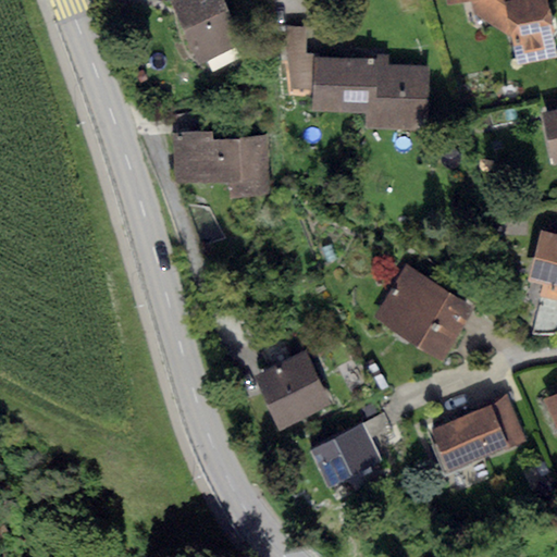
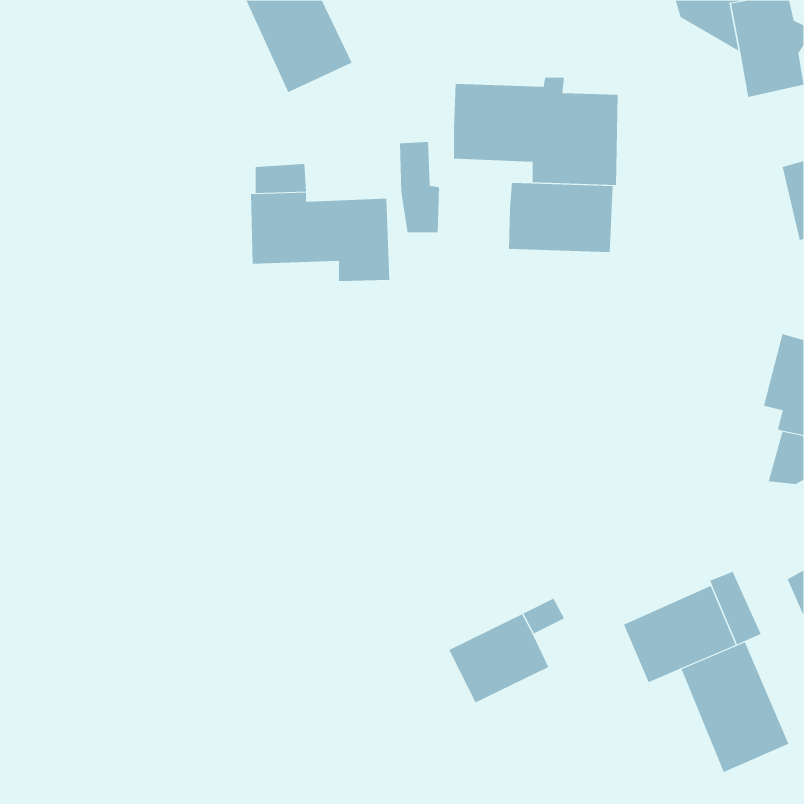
building: [286,26,314,89] -> [399,141,440,233]
building: none -> [508,182,613,253]
building: [373,265,474,360] -> none
building: [253,351,331,430] -> none
building: none -> [681,642,789,773]

